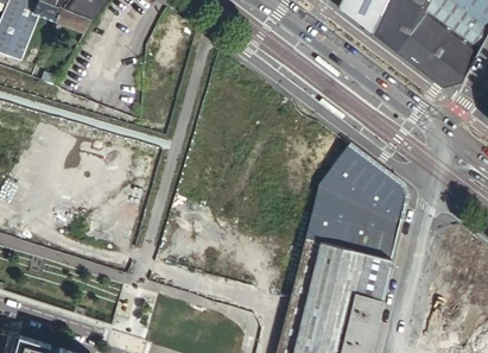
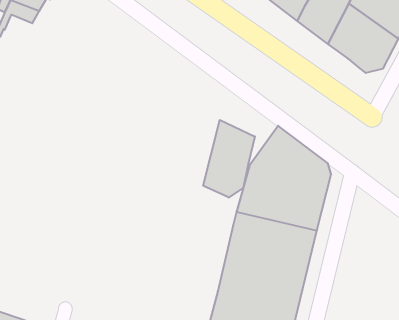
building: none -> [203,120,255,198]

